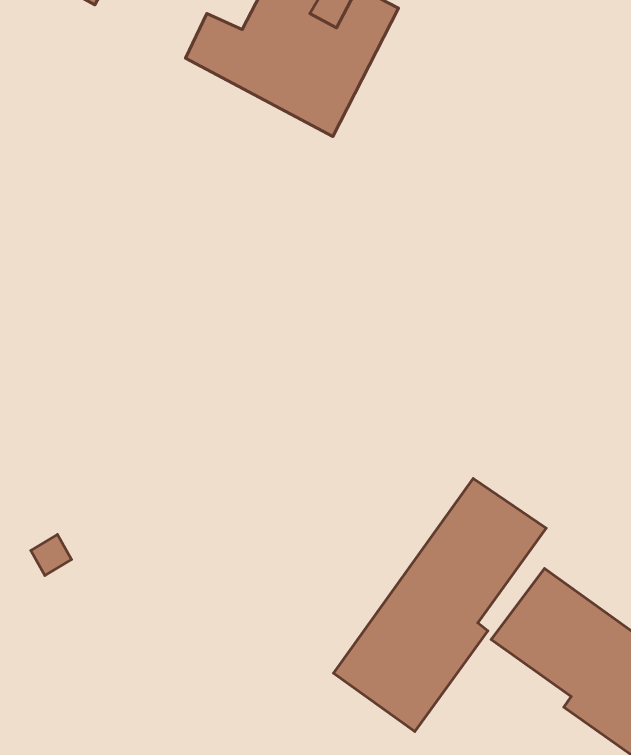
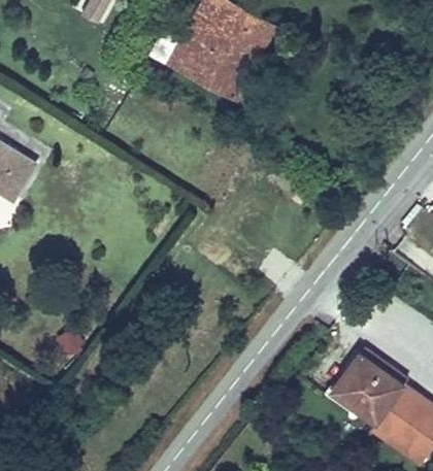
building: [333,478,546,732] -> none

